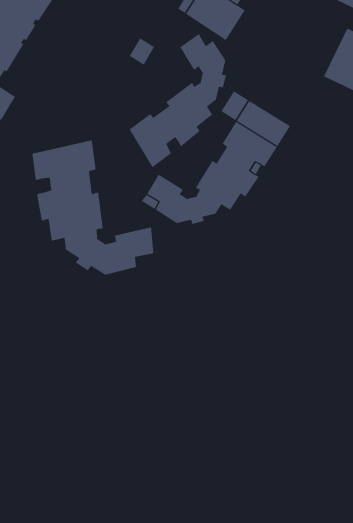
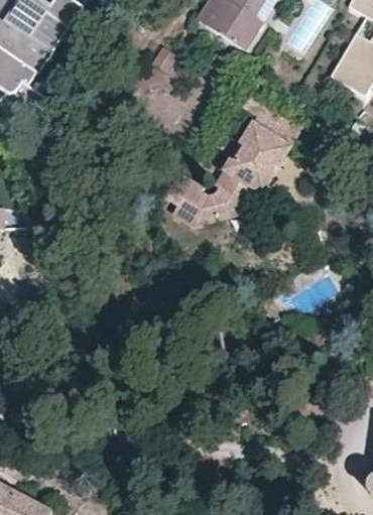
building: [129,33,227,168] -> none
building: [32,139,154,275] -> none

